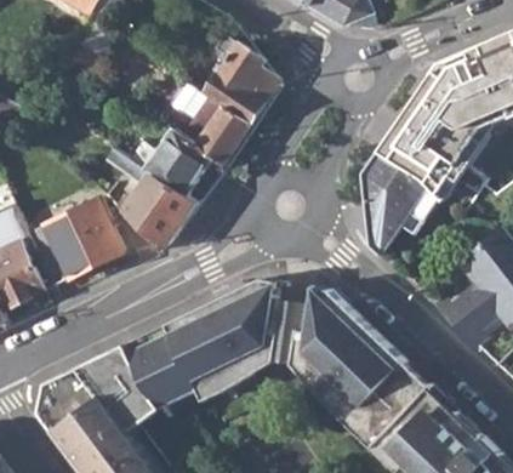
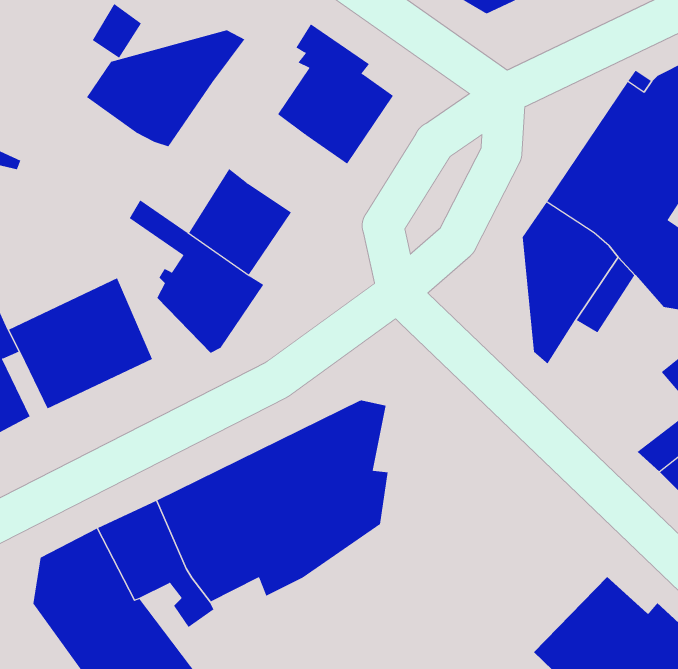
building: none -> [86,30,245,147]
building: [186,106,251,163] -> none
building: [289,287,424,444] -> none

